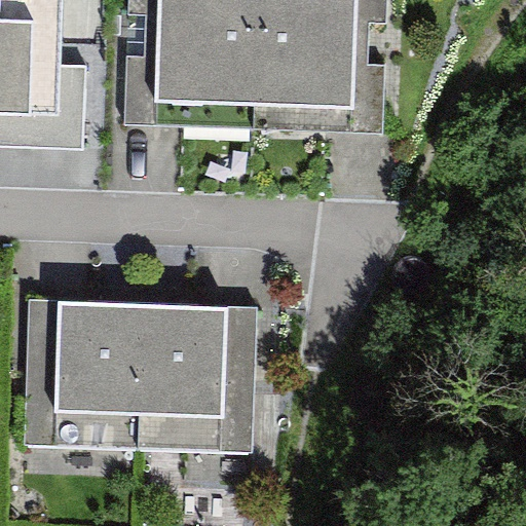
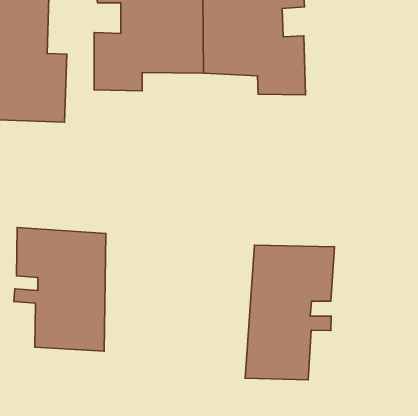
building: [136,296,254,448] -> none
building: none -> [245,245,334,380]

